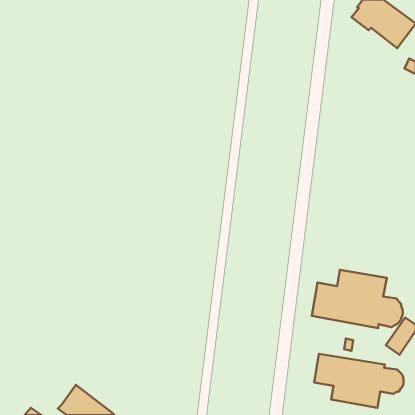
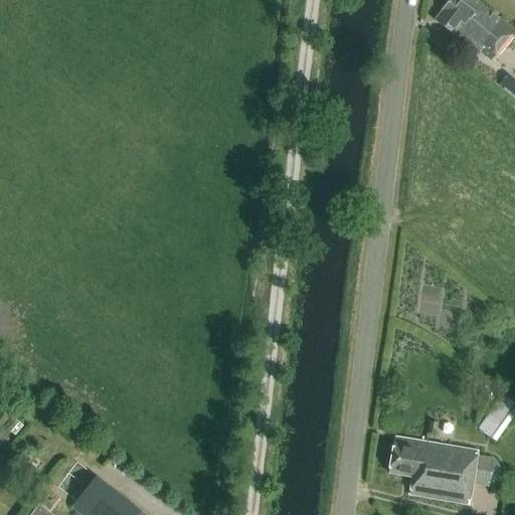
building: [312,270,403,328] -> none

